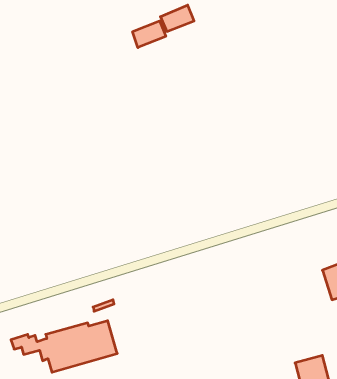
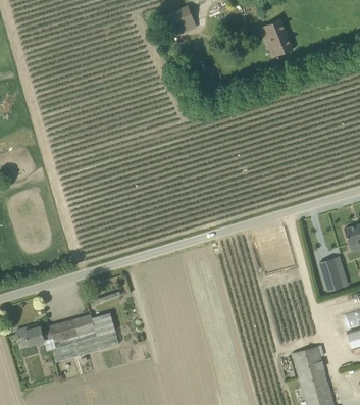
building: none -> [265,19,293,57]
building: [133,21,166,48] -> none

